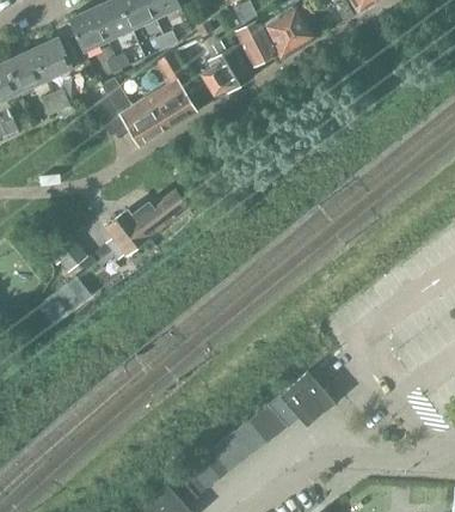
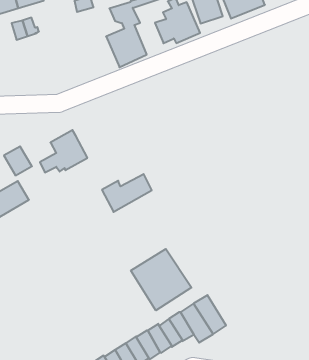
building: [99,79,167,148] -> none
building: [130,190,186,238] -> [102,174,152,212]
building: none -> [131,249,191,310]

